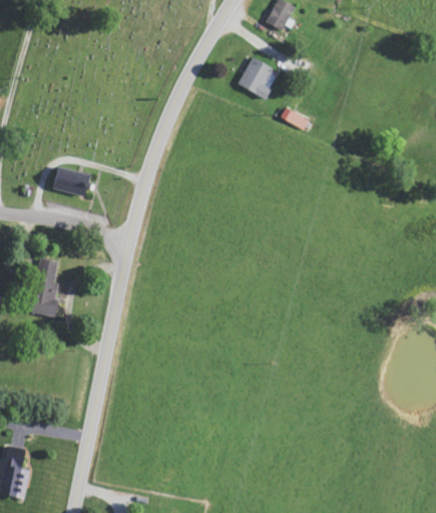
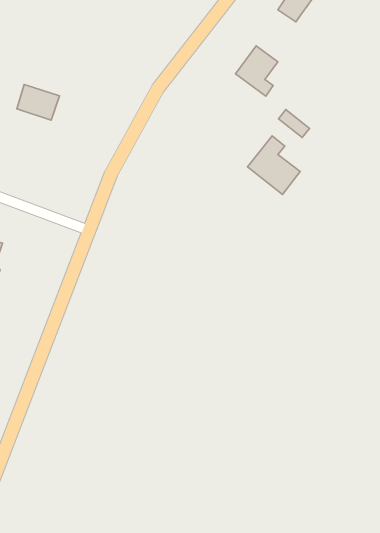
building: none -> [248,136,300,194]
building: [56,168,91,195] -> [17,85,59,120]

